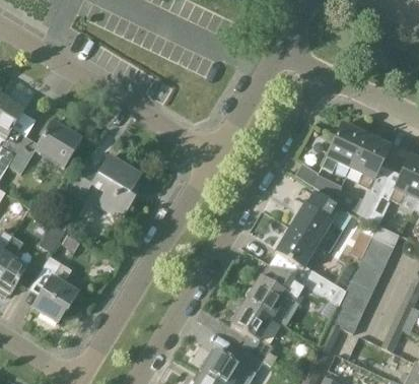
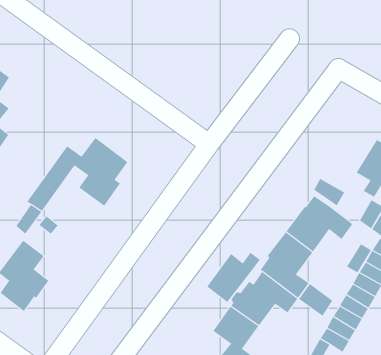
building: [34,121,82,168] -> none
building: [322,123,366,171] -> none
building: none -> [206,252,260,303]

